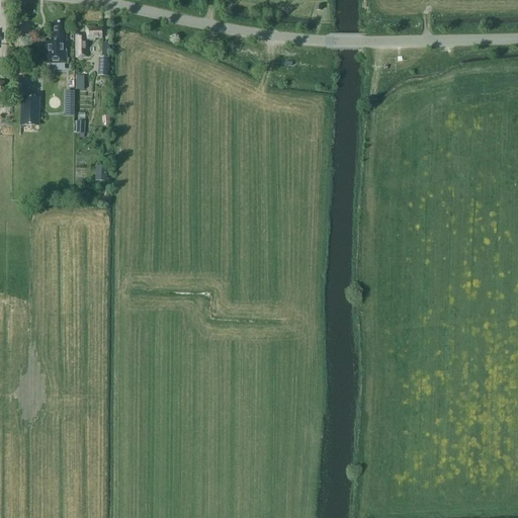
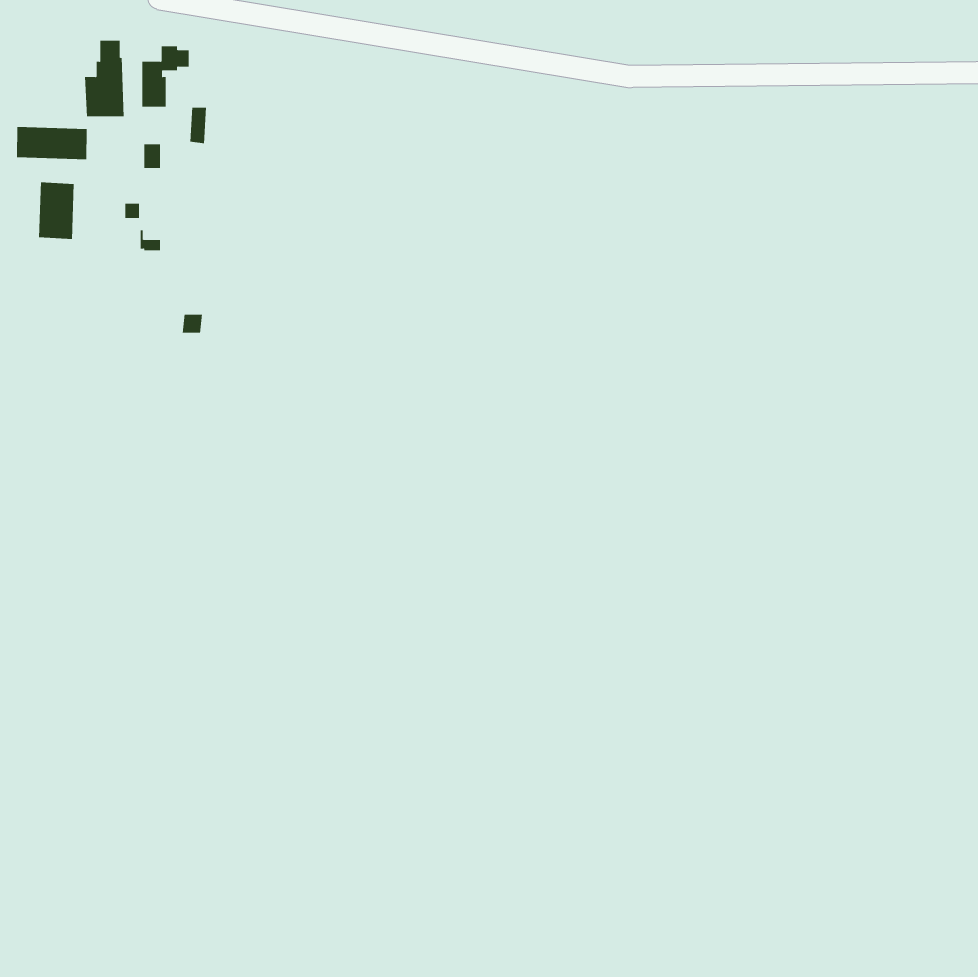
building: none -> [17,126,87,160]

